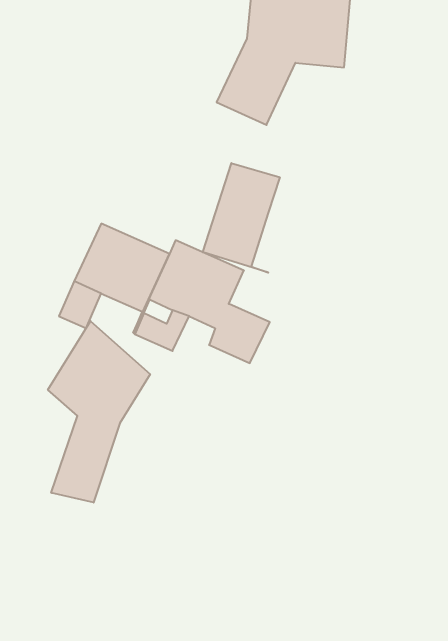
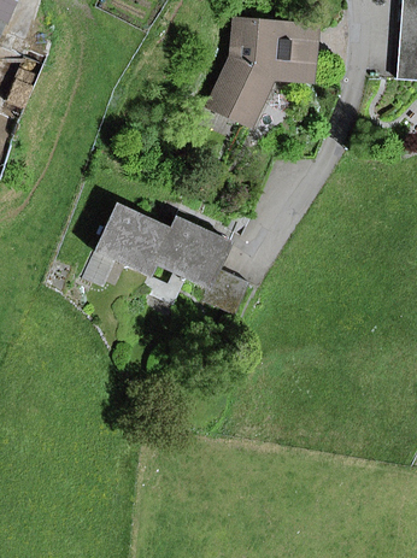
building: [203,163,280,273] -> none
building: [48,321,150,503] -> none

